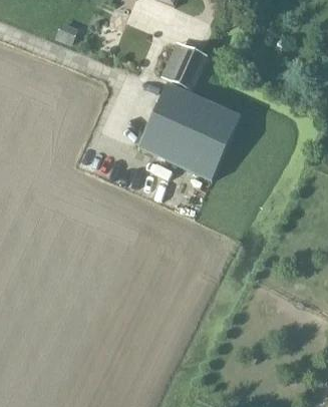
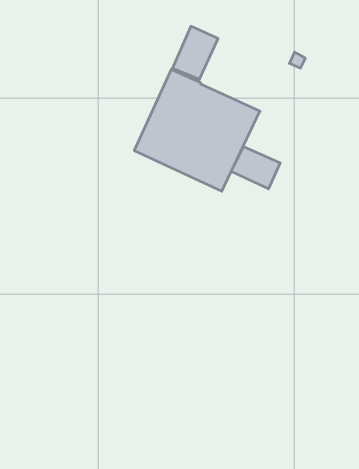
building: none -> [231,146,280,189]

